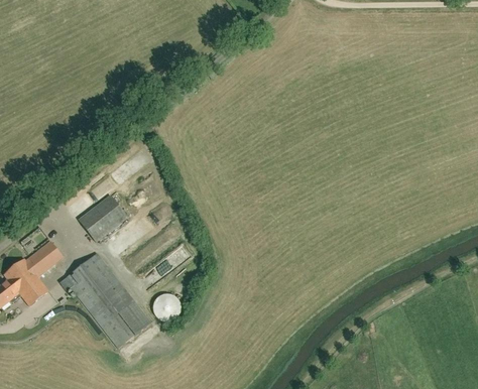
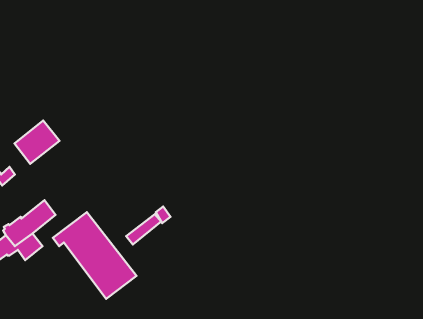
building: [78,194,127,242] -> [15,120,60,164]
building: [152,293,181,320] -> none

